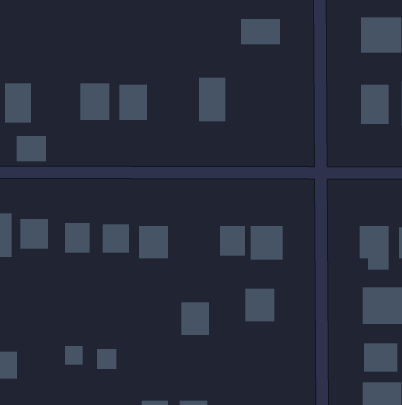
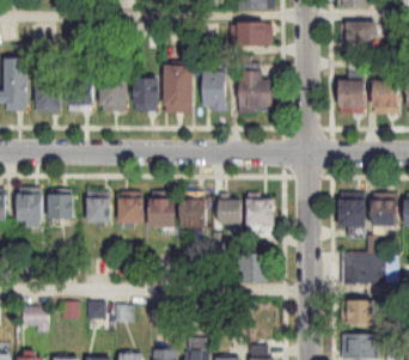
building: none -> [164,65,191,112]
building: none -> [238,72,270,112]
building: [16,135,47,162] -> [67,89,93,111]
building: [180,302,210,335] -> [182,199,207,227]

